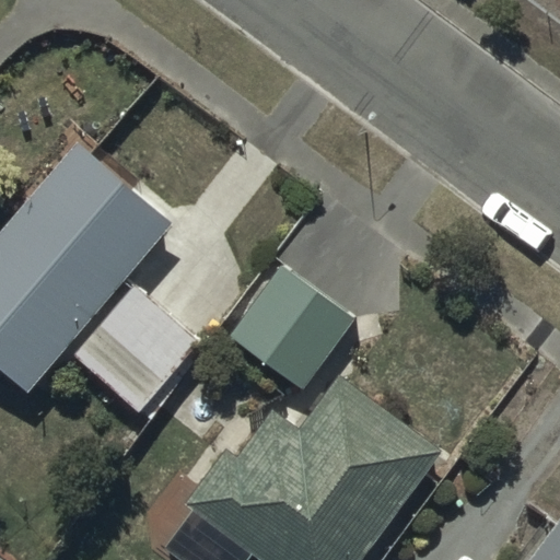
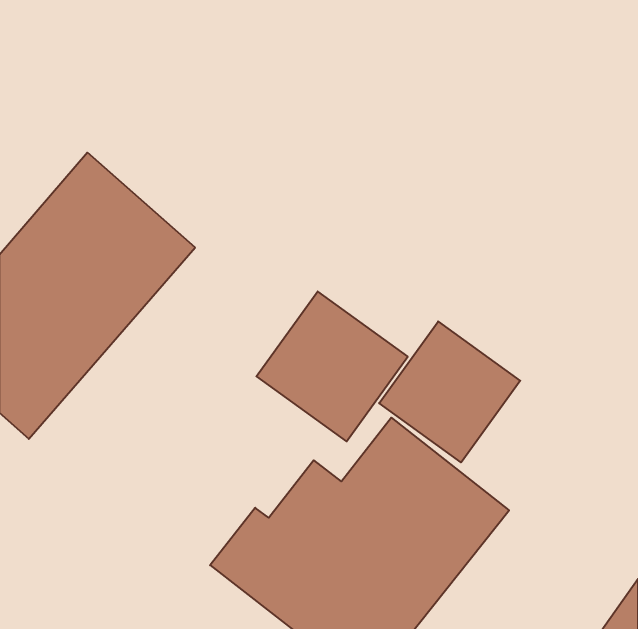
building: [72,288,200,416] -> none
building: none -> [379,321,520,462]

